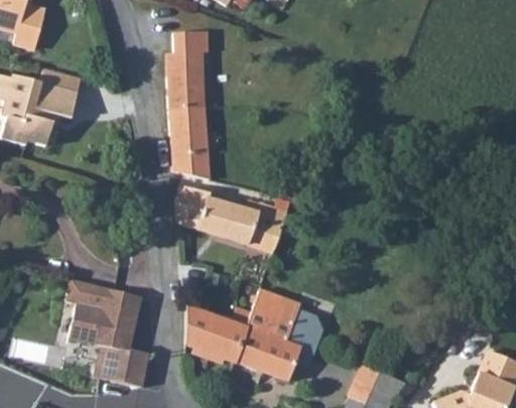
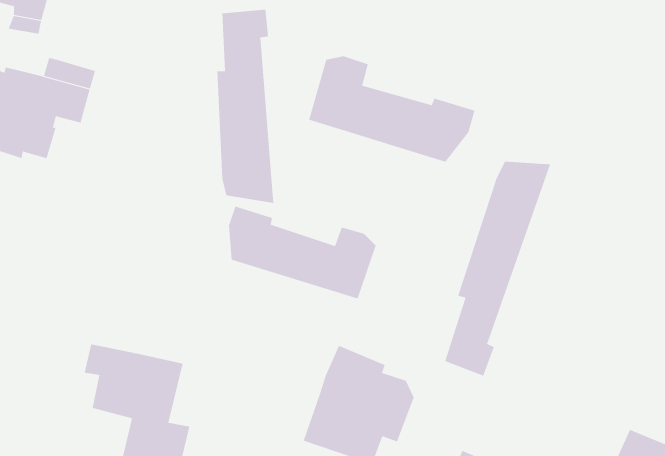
building: none -> [309,55,475,163]
building: none -> [444,161,551,377]
building: [184,306,252,362] -> none

